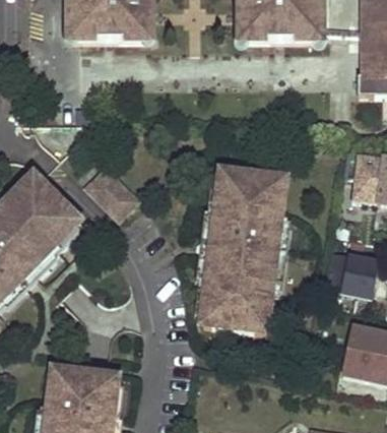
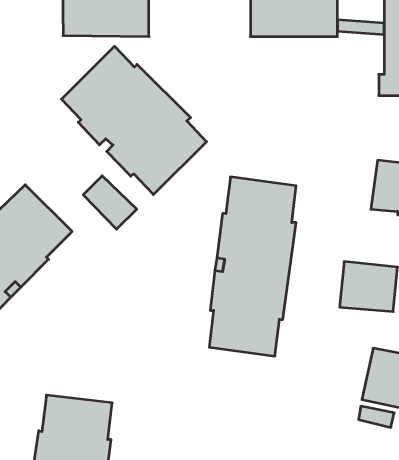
building: none -> [61,46,207,195]

